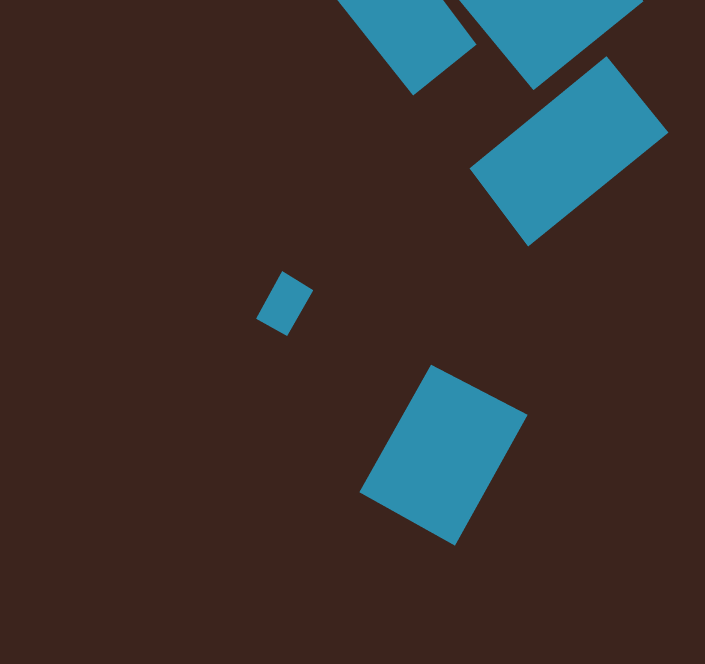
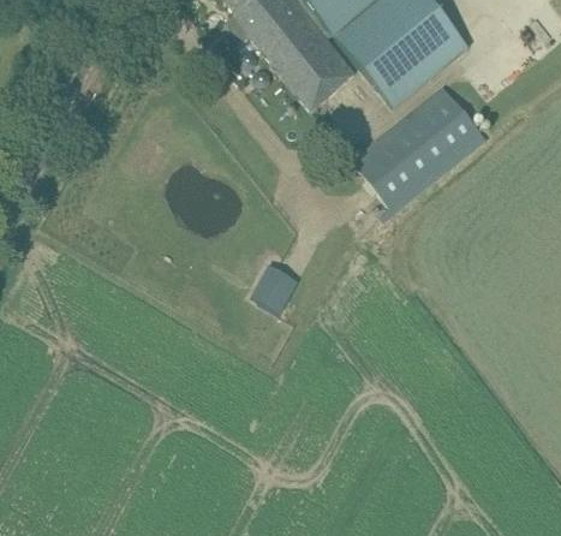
building: [255,270,314,337] -> [257,268,297,312]
building: [358,364,528,546] -> none

